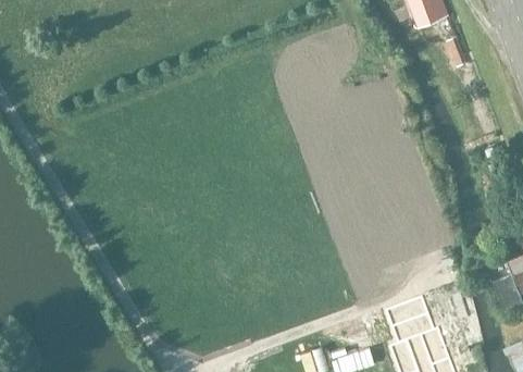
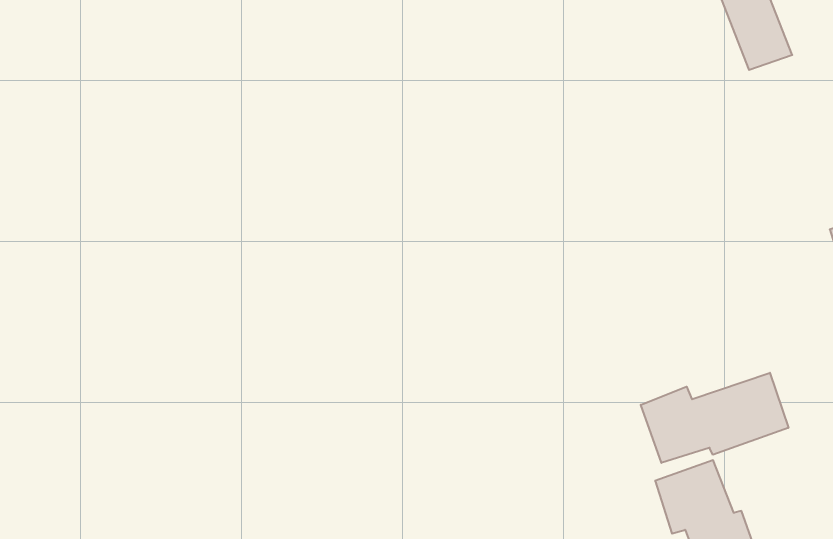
building: none -> [641,373,788,463]

